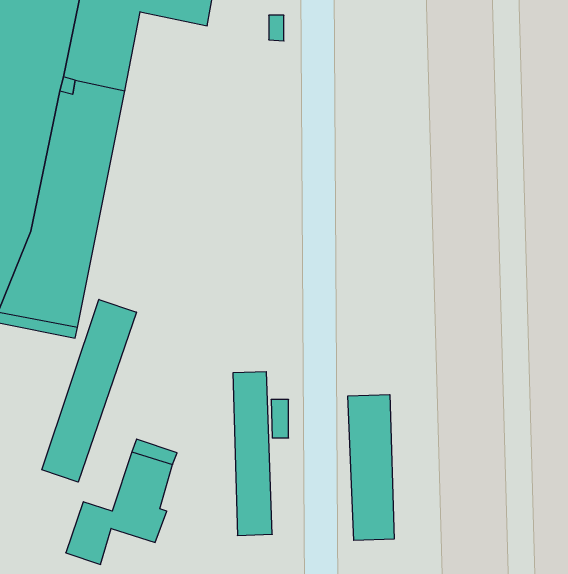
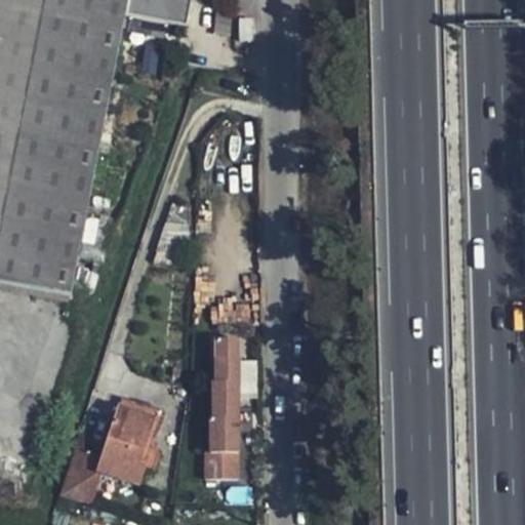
building: [42,299,136,482] -> none
building: [348,395,394,540] -> none

